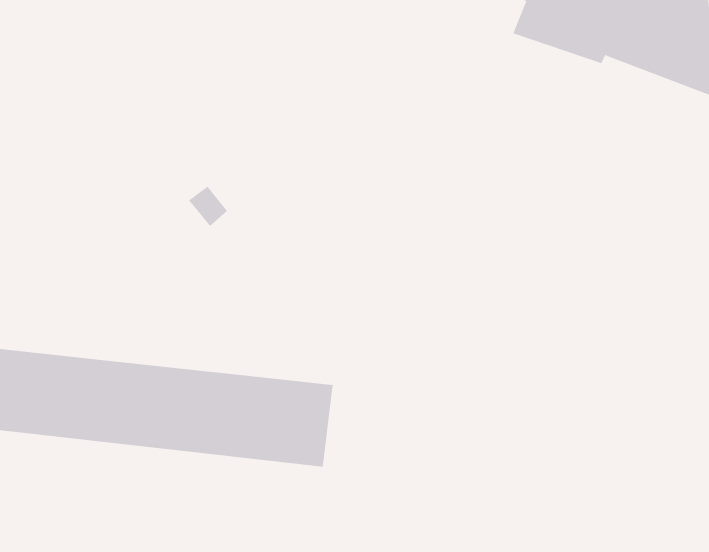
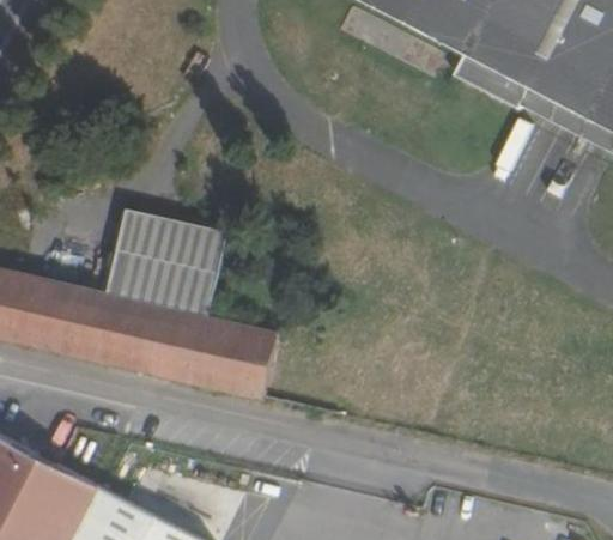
building: none -> [108,214,229,318]

